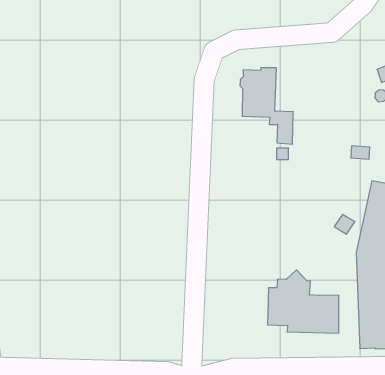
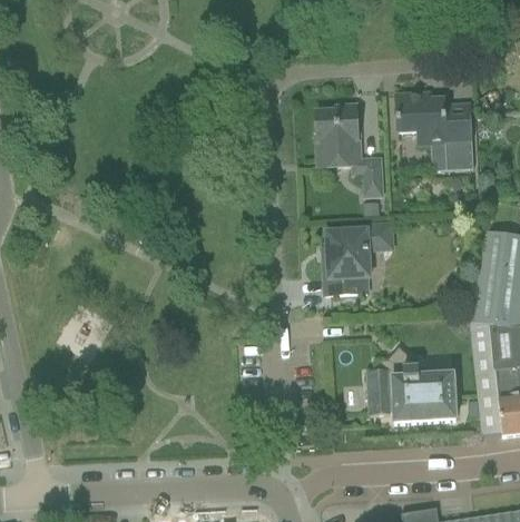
building: none -> [398,92,474,169]
building: none -> [325,225,392,294]

